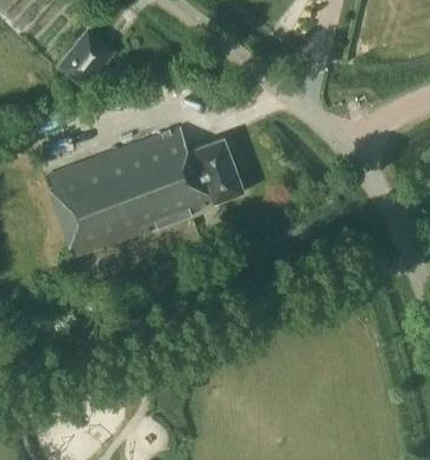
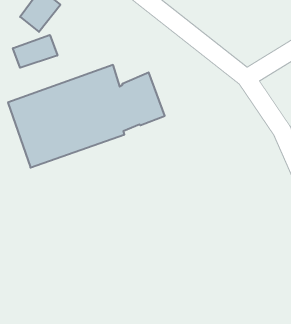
building: none -> [13,35,57,68]

